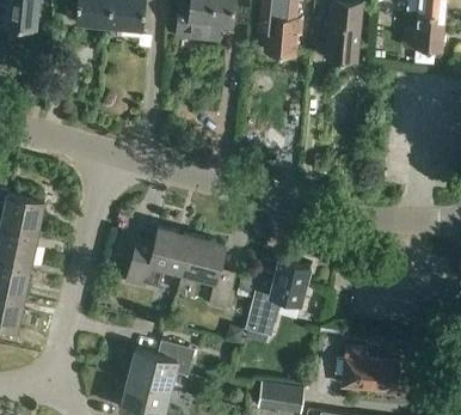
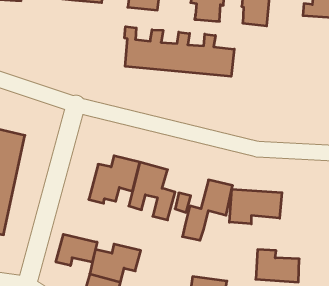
building: none -> [125,27,234,76]
building: none -> [229,189,282,224]
building: none -> [56,234,97,266]

